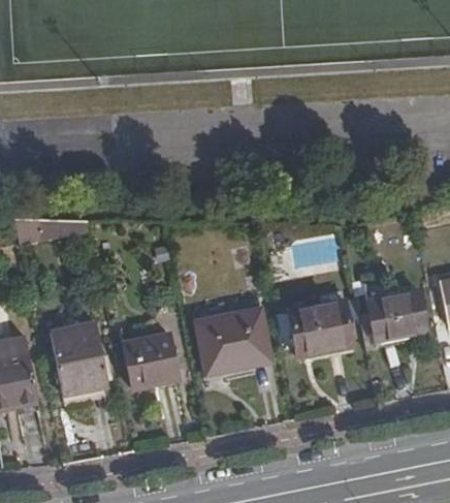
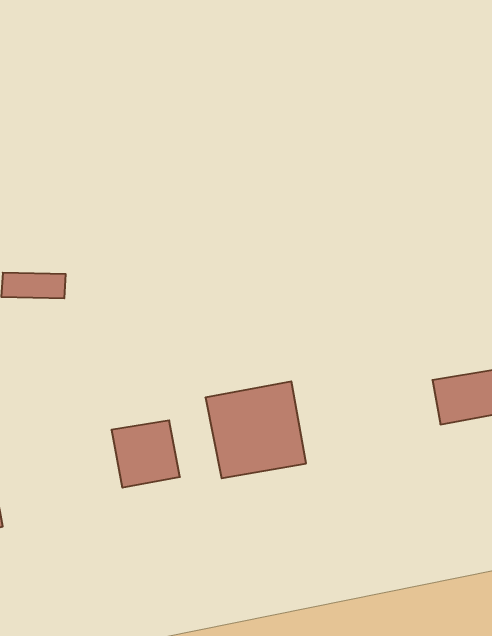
building: [287,302,349,356] -> none
building: [46,329,104,404] -> none

